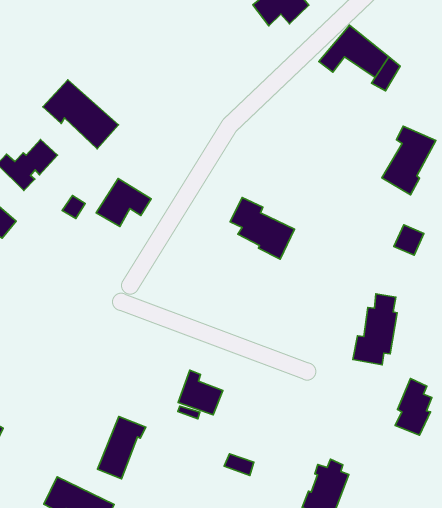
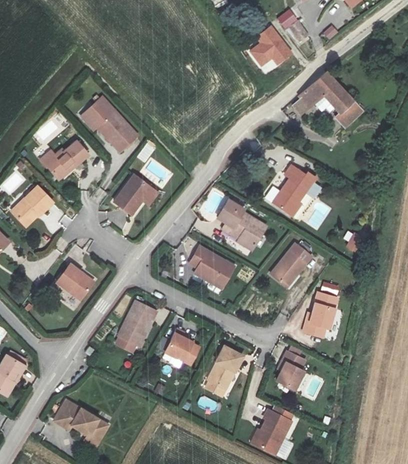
building: [382,126,436,195] -> [272,162,316,215]
building: none -> [271,244,311,287]
building: none -> [191,247,234,288]
building: none -> [58,266,94,300]
building: [395,378,432,435] -> [276,345,306,389]
building: none -> [207,347,243,396]
building: [97,416,146,479] -> [116,304,156,352]

